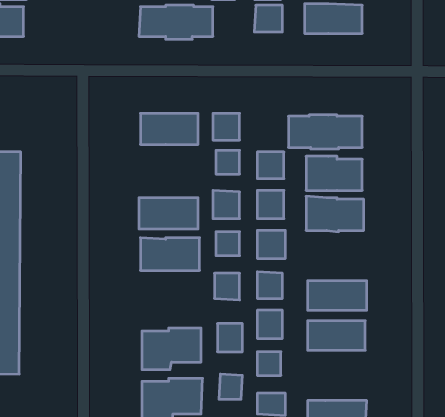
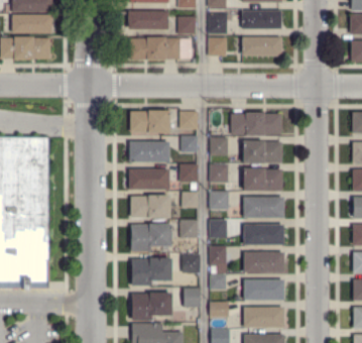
building: none -> [129,141,170,163]
building: none -> [243,197,283,218]
building: none -> [131,224,171,251]
building: none -> [243,279,283,300]

